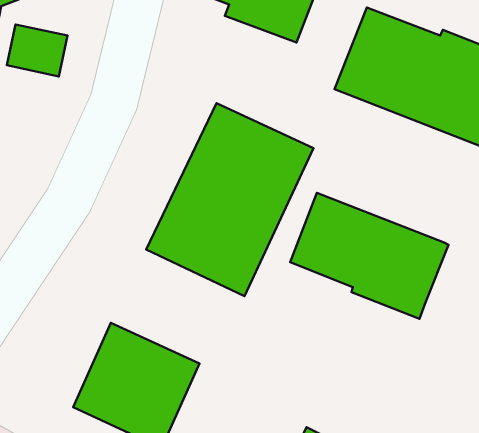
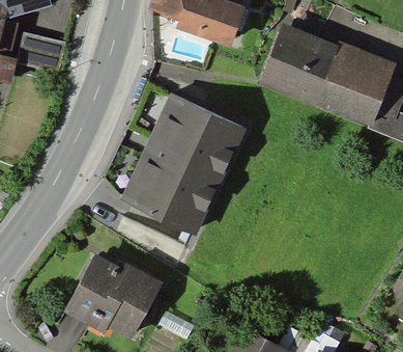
building: [290,193,449,319] -> none

